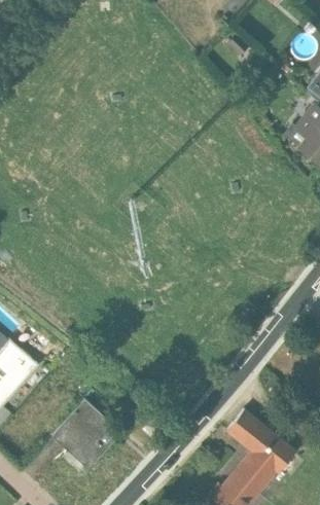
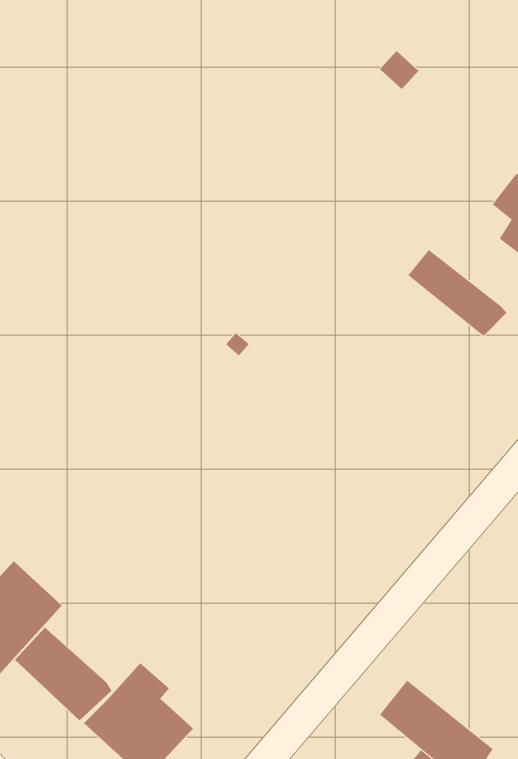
building: none -> [408,249,507,337]
building: none -> [14,627,112,721]

